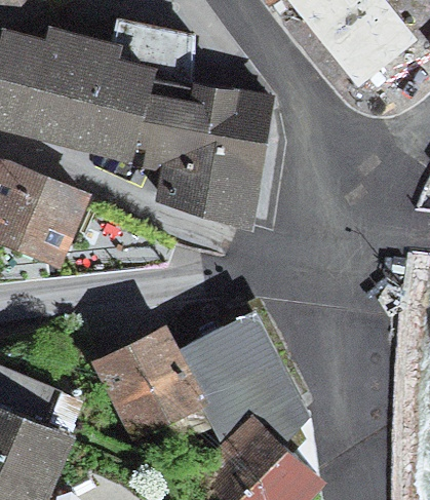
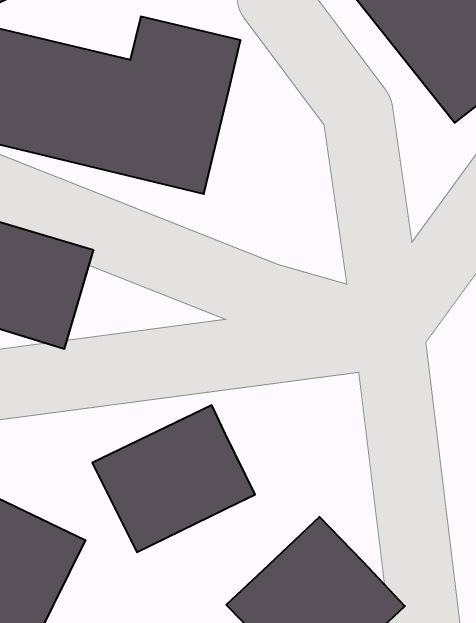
building: [163,75,278,219] -> none
building: [189,313,313,451] -> none

